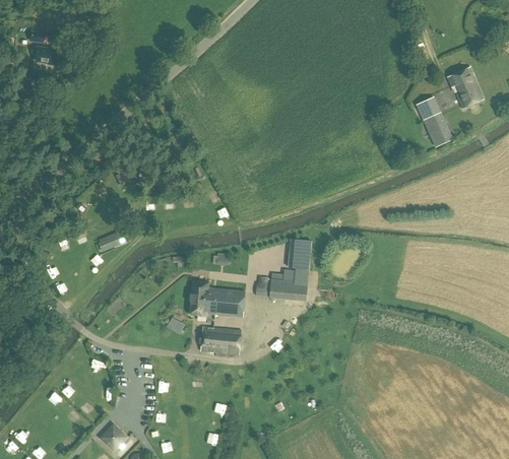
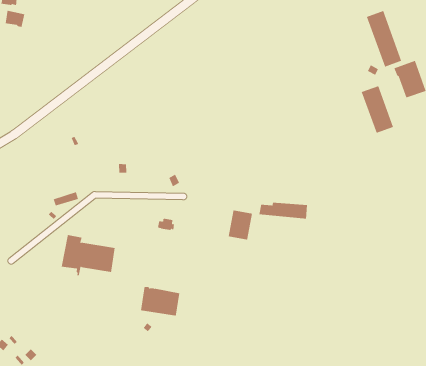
building: none -> [366,10,402,68]
building: [257,279,308,294] -> [259,202,308,219]
building: [189,280,245,323] -> [61,234,116,276]

